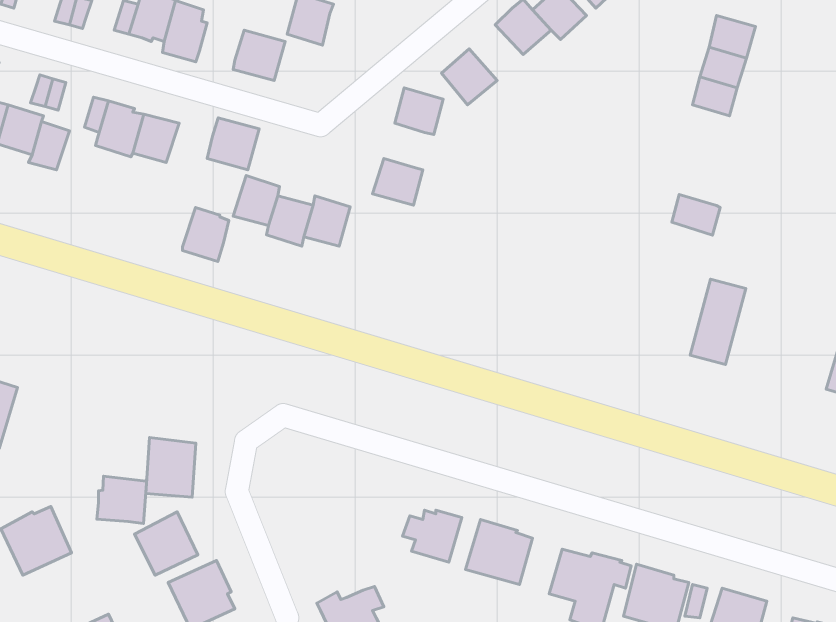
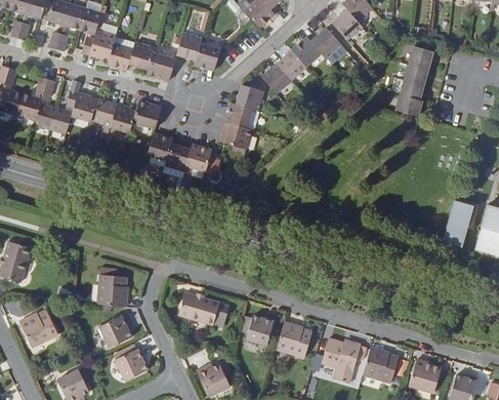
building: none -> [129,40,155,68]
building: none -> [195,42,221,70]
building: none -> [278,48,307,79]
building: none -> [225,101,253,127]
building: none -> [50,107,73,133]
building: [672,194,720,235] -> [397,92,423,115]
building: [182,208,229,262] -> [111,103,136,132]
building: [690,279,746,365] -> [443,199,473,246]
building: none -> [178,293,230,322]
building: [97,476,147,524] -> none

